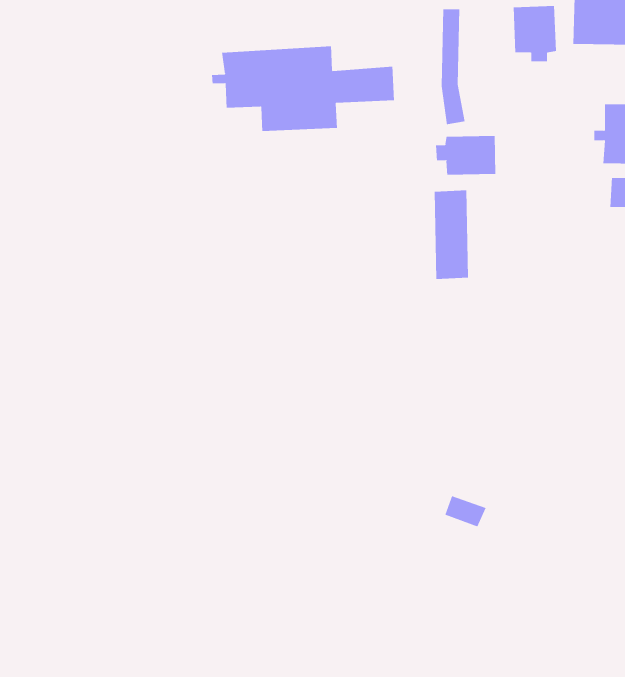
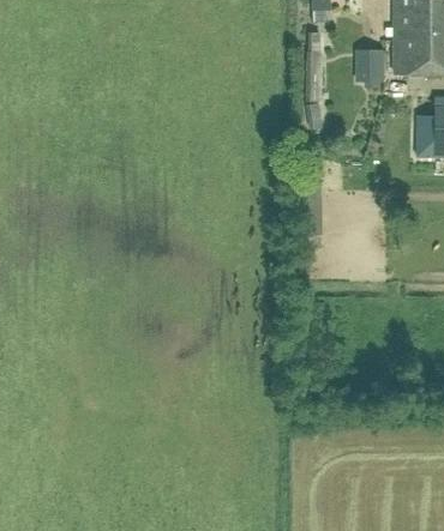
building: [212,45,395,132] -> none
building: [436,135,496,175] -> none

